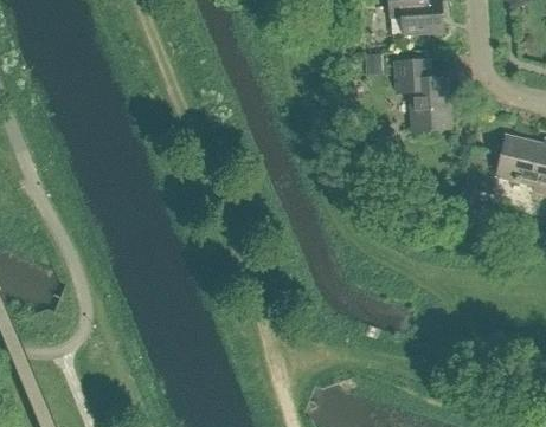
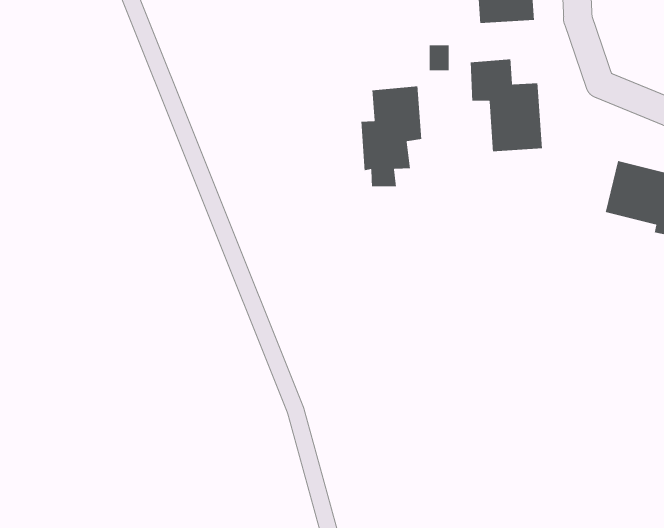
building: none -> [360,86,422,187]

